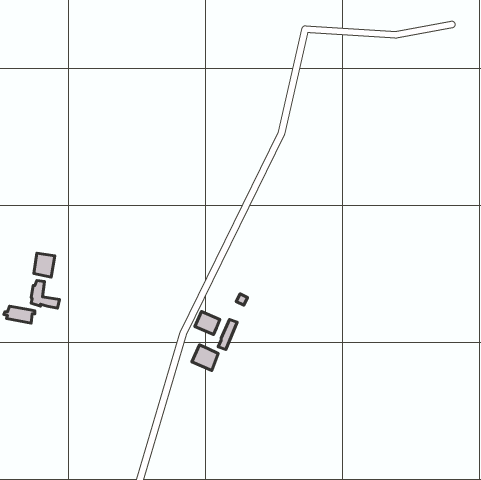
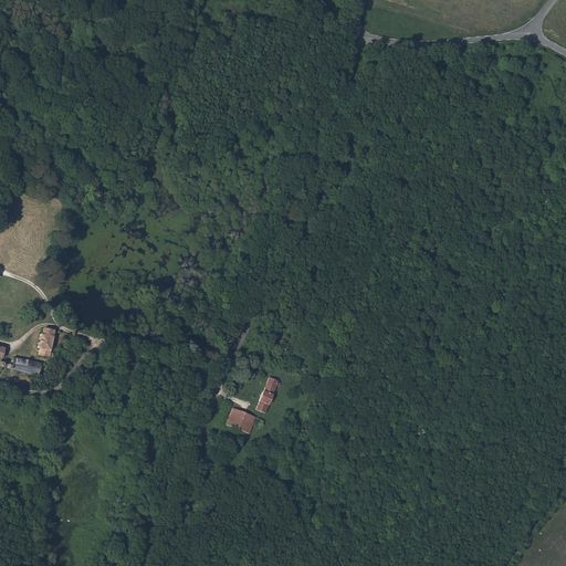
building: [34,253,55,277] -> none
building: [195,311,220,334] -> none

